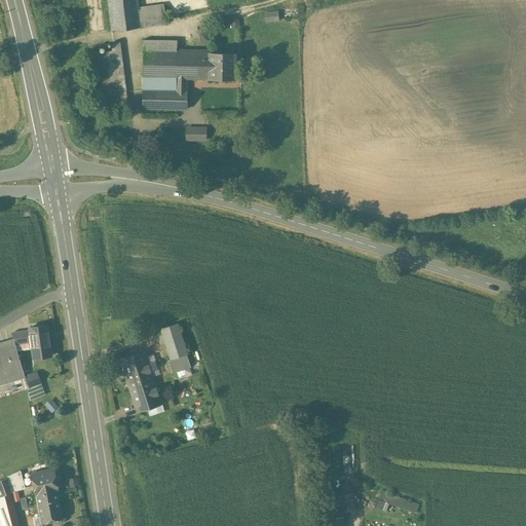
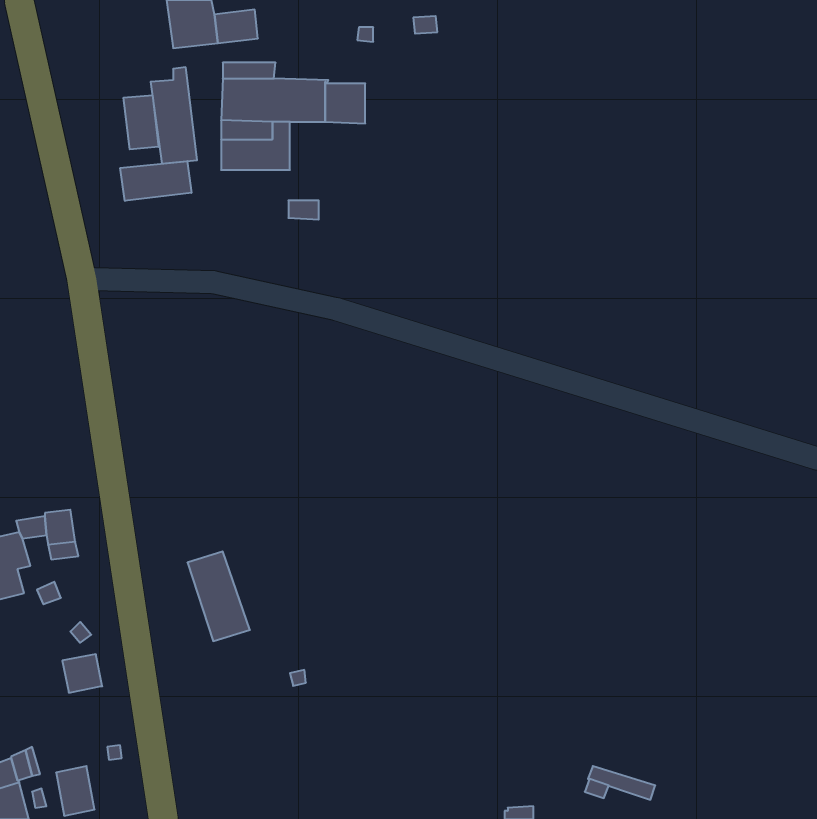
building: none -> [124,95,159,149]
building: none -> [120,161,191,201]
building: [164,330,194,375] -> none
building: [31,471,57,495] -> [62,654,102,693]

